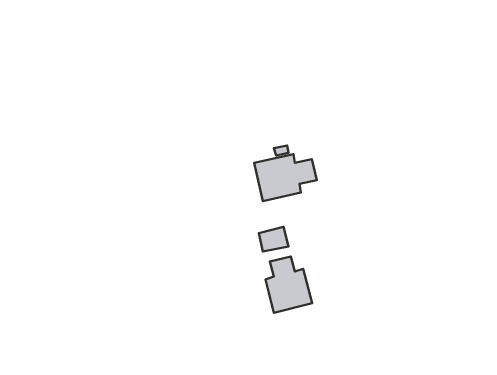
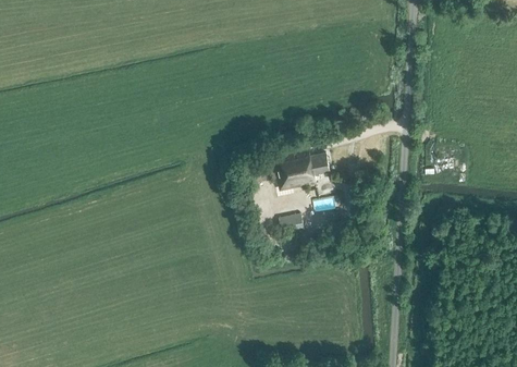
building: [265,256,312,313] -> none

